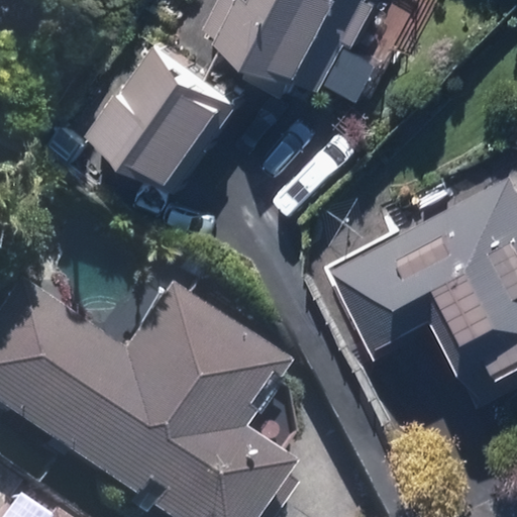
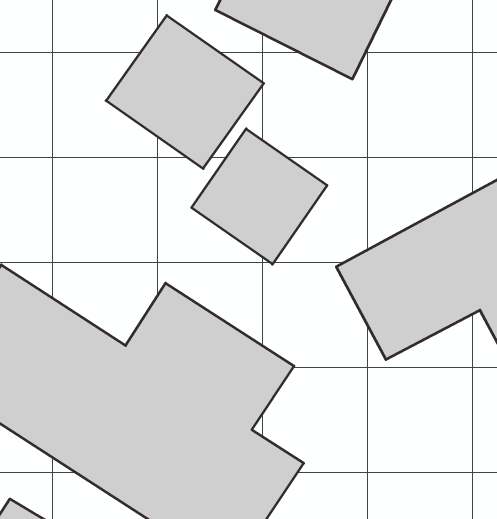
building: none -> [192,129,327,264]

